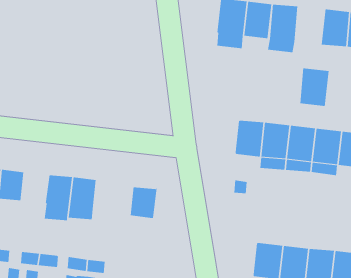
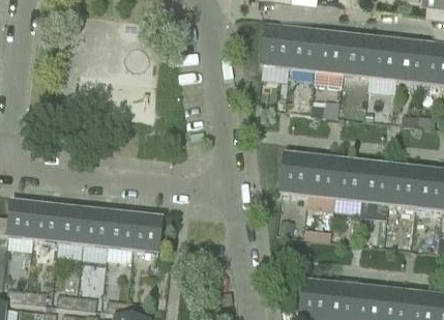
building: [300,68,329,107] -> [343,35,374,76]
building: none -> [57,208,86,241]
building: [130,187,158,221] -> [132,216,161,252]

